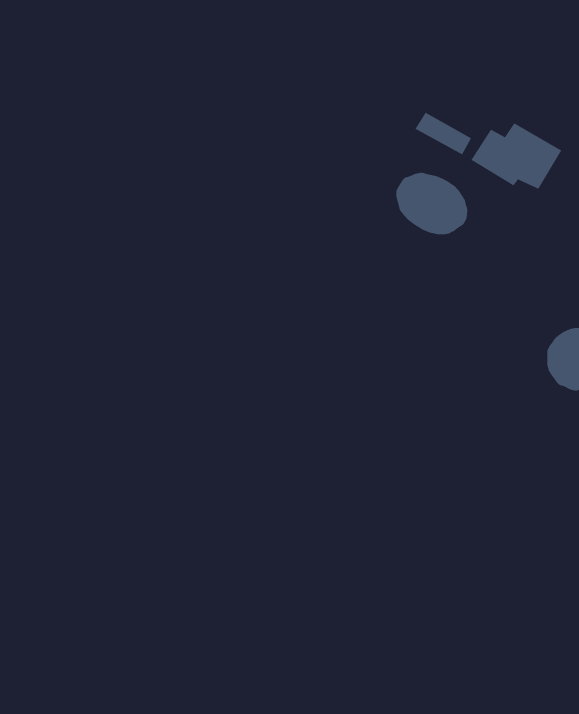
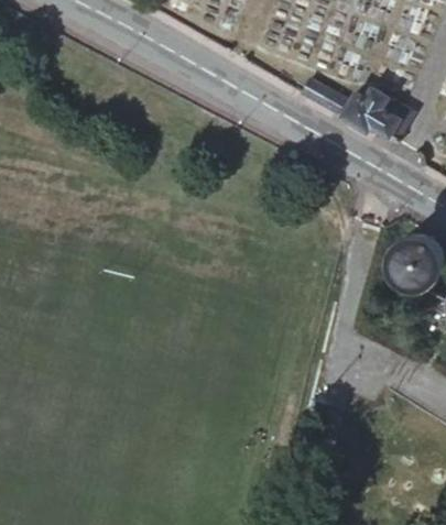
building: [396,172,468,235] -> none

